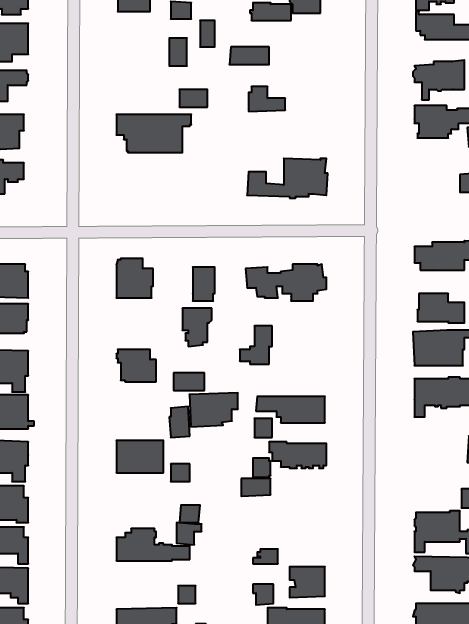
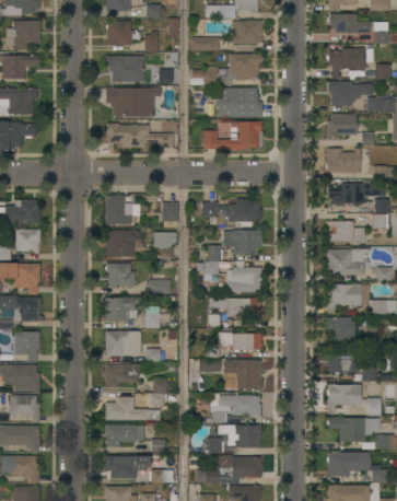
building: none -> [106,20,132,45]
building: none -> [231,20,261,43]
building: none -> [225,54,262,80]
building: none -> [105,56,142,81]
building: none -> [215,88,262,117]
building: none -> [327,114,359,138]
building: none -> [106,123,173,148]
building: none -> [325,148,360,173]
building: none -> [105,230,138,257]
building: none -> [231,230,261,254]
building: none -> [226,267,261,291]
building: [189,393,238,427] -> [105,296,141,322]
building: none -> [326,316,354,339]
building: none -> [327,348,355,372]
building: none -> [224,359,261,389]
building: none -> [105,364,140,387]
building: none -> [219,395,260,417]
building: none -> [102,424,143,448]

